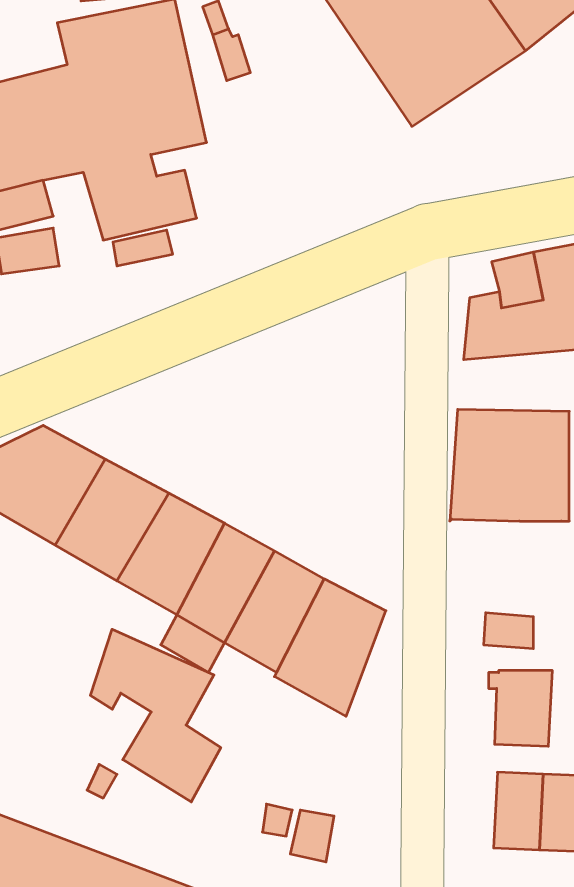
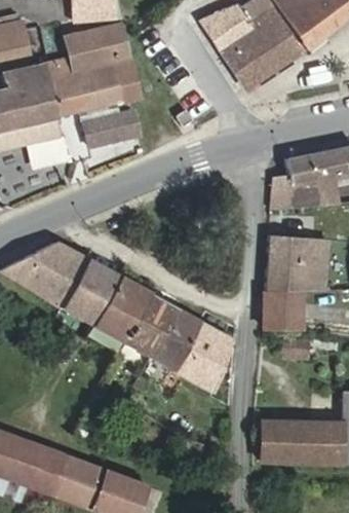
building: none -> [266,291,303,329]
building: [90,629,221,802] -> none
building: [489,671,552,746] -> [259,422,292,461]

